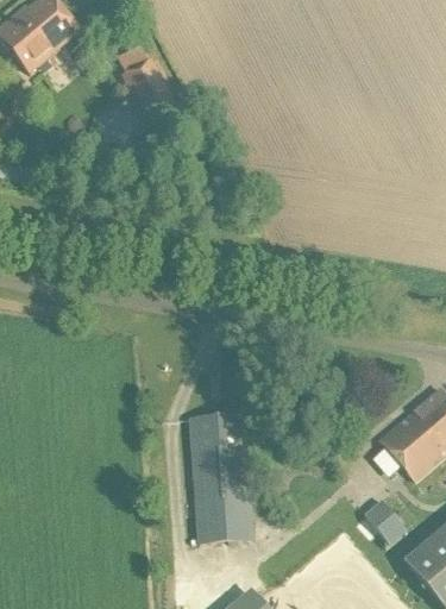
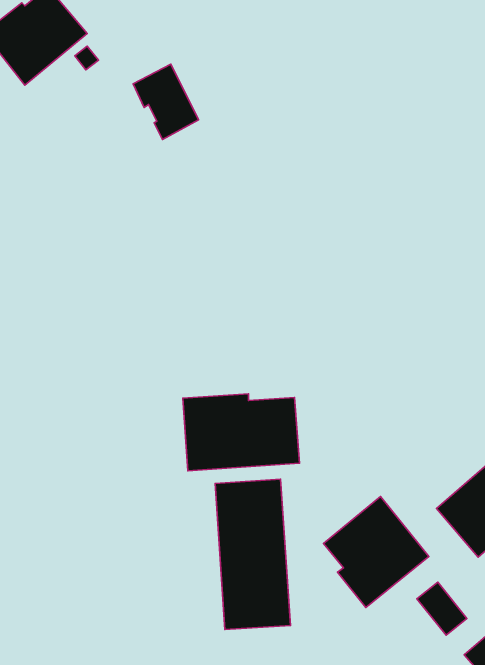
building: none -> [183,394,300,471]
building: none -> [324,497,429,608]

